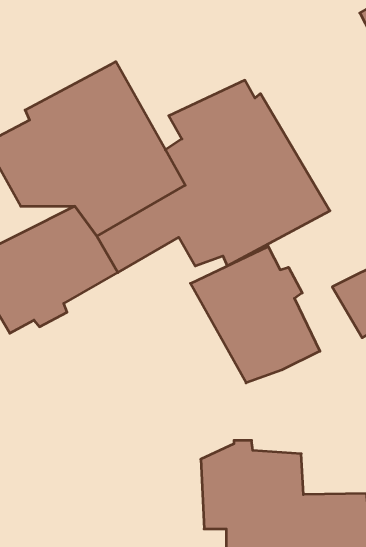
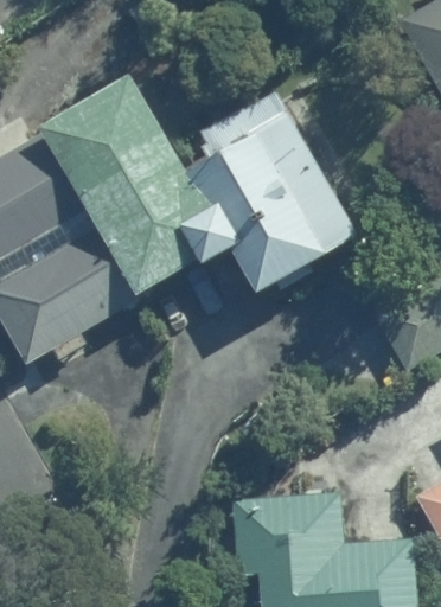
building: [190,246,320,383] -> none

